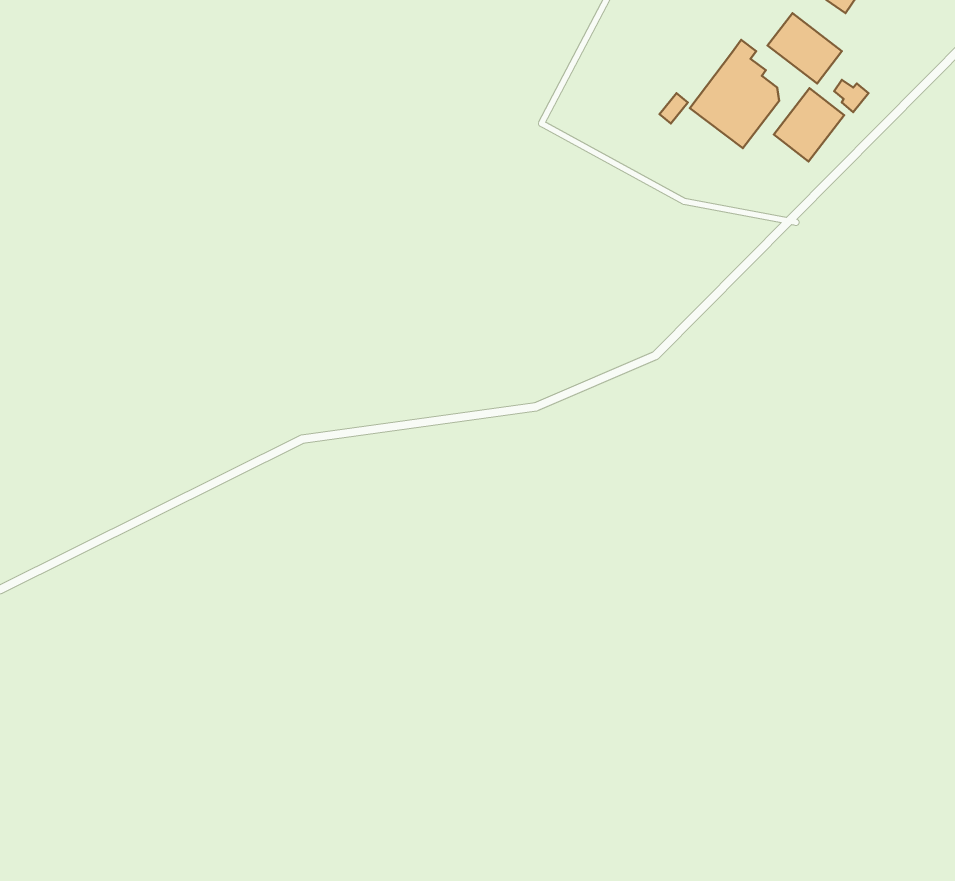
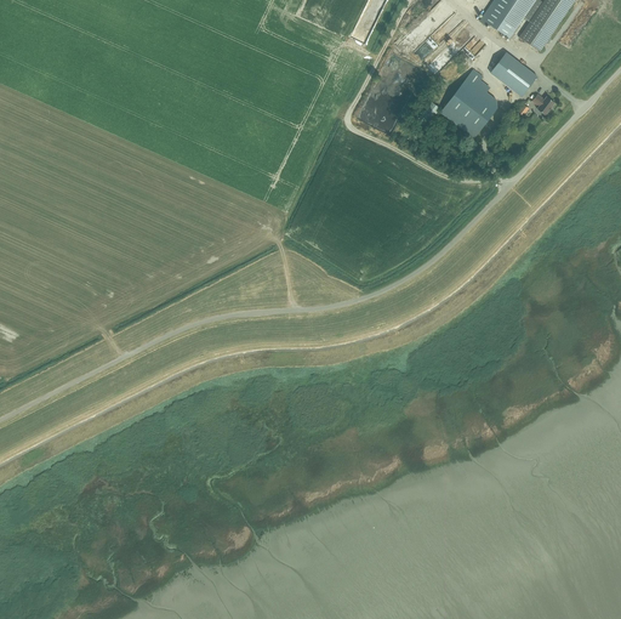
building: [774,88,844,161] -> none

